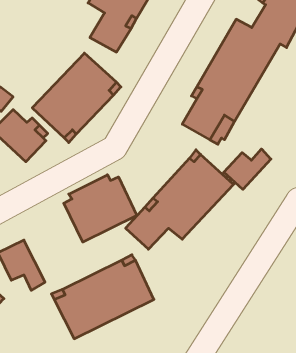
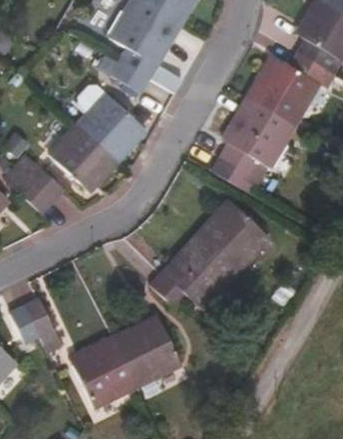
building: [224,149,271,189] -> none
building: [64,175,137,242] -> none

